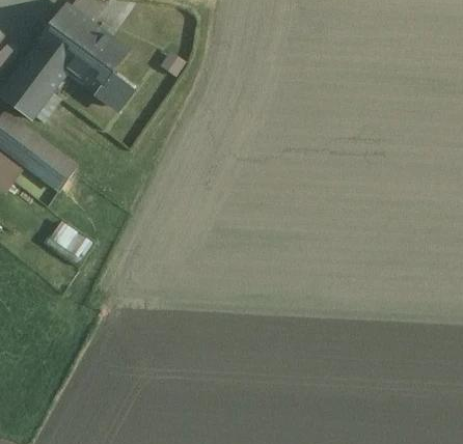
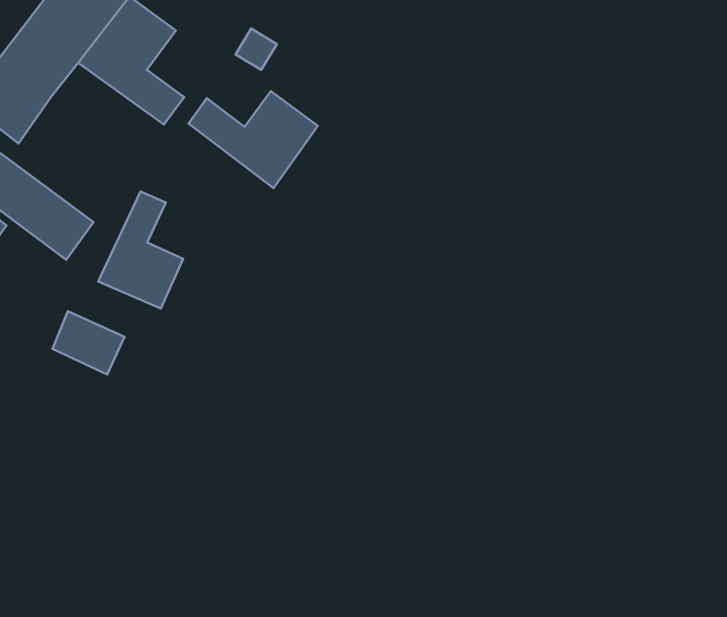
building: none -> [188,91,318,188]
building: none -> [98,191,183,308]

